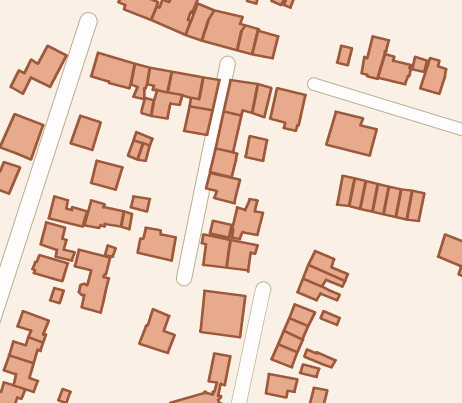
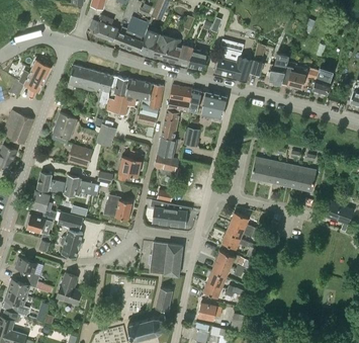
building: [326,112,377,155] -> [214,49,252,81]
building: [232,199,263,239] -> [118,151,142,180]
building: [139,309,175,353] -> [56,272,82,305]

